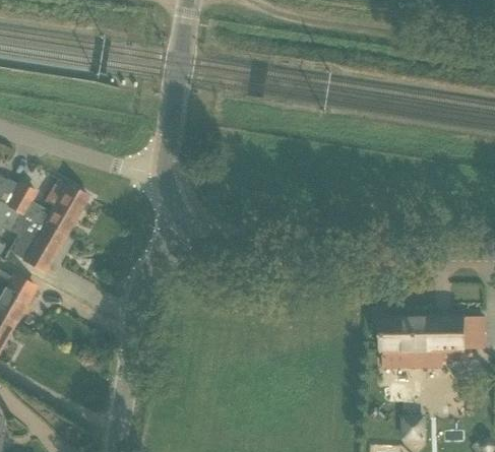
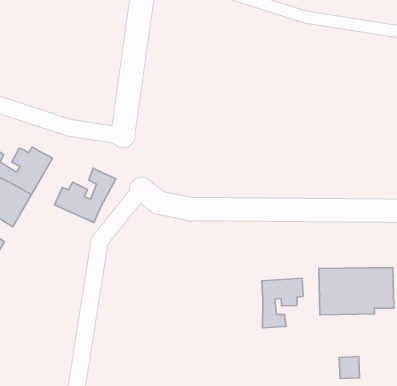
building: none -> [54,168,116,222]
building: none -> [262,278,303,328]

